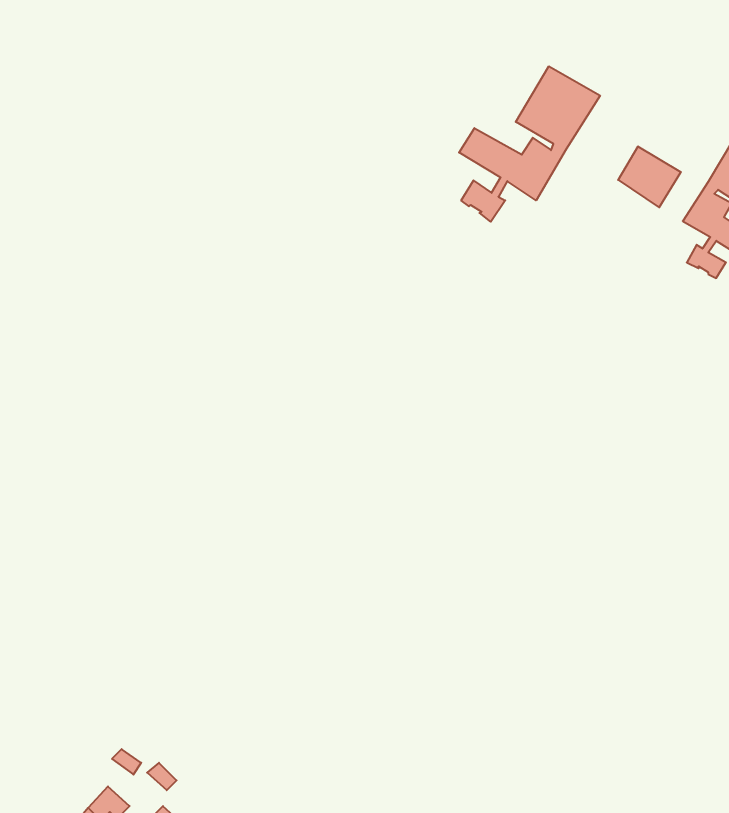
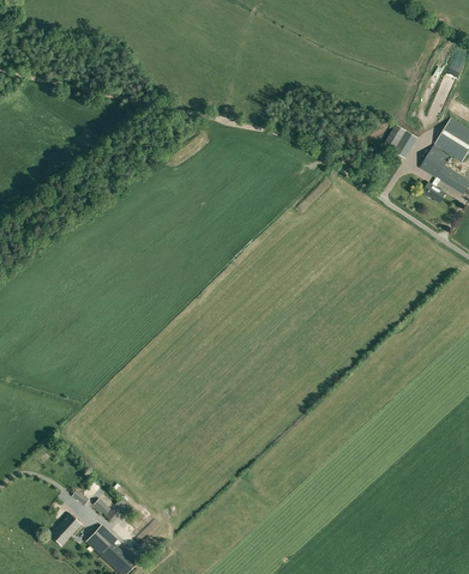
building: [459,66,600,222] -> none

